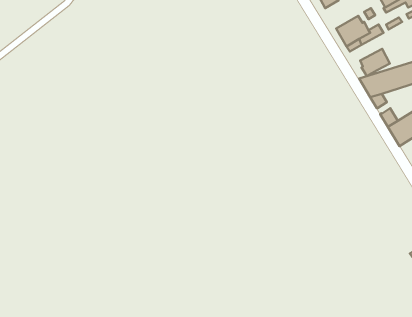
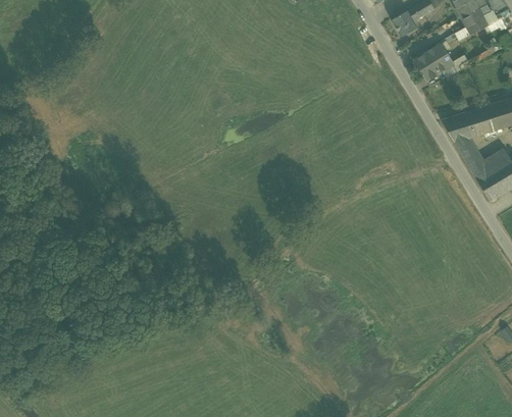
building: [360,49,390,76] -> none

